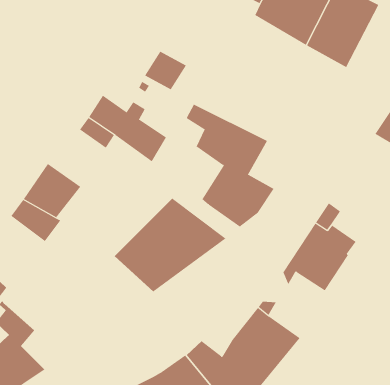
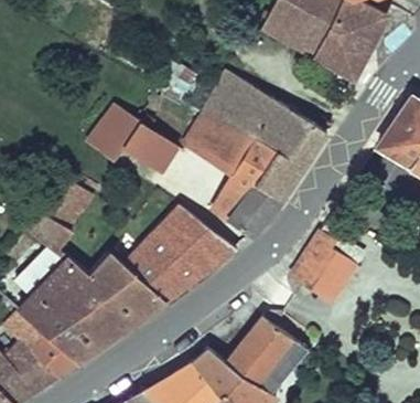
building: none -> [202,74,325,200]
building: none -> [17,253,162,378]

